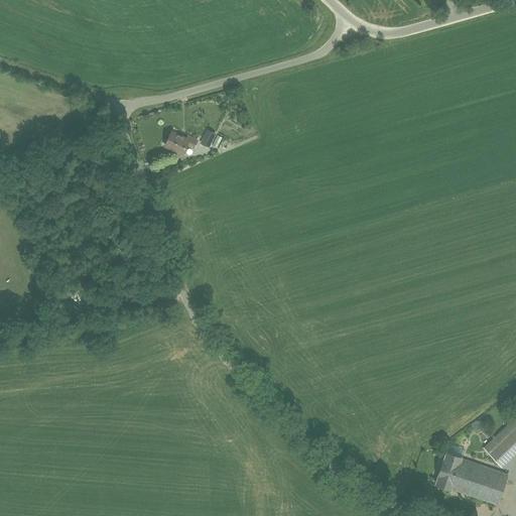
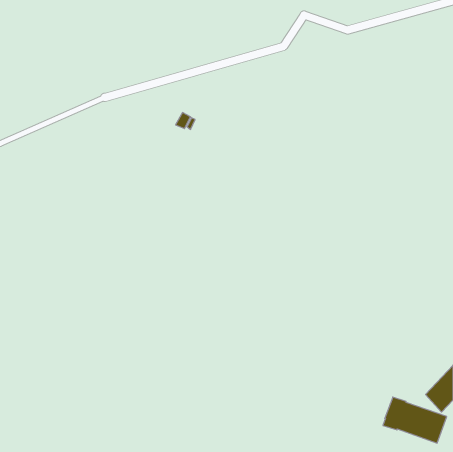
building: [165,131,198,153] -> none

